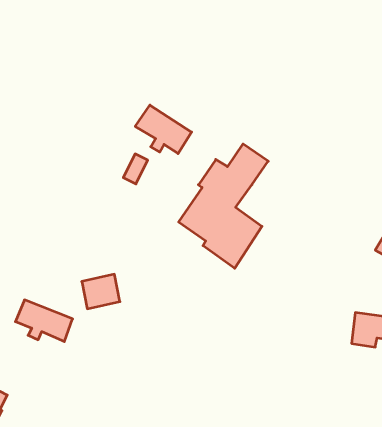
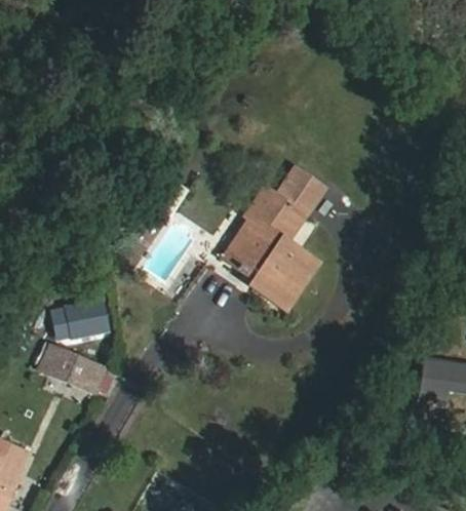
building: [135,105,192,154] -> none
building: [82,274,120,309] -> [63,300,106,339]

